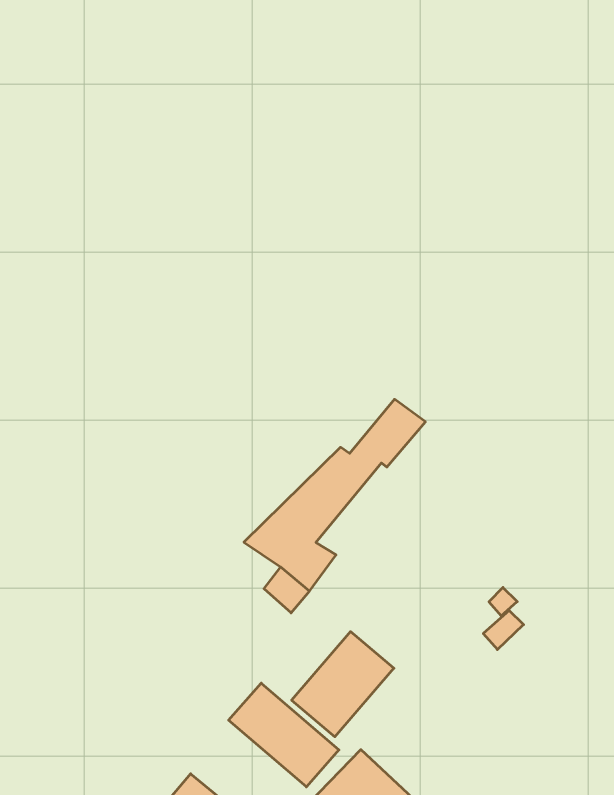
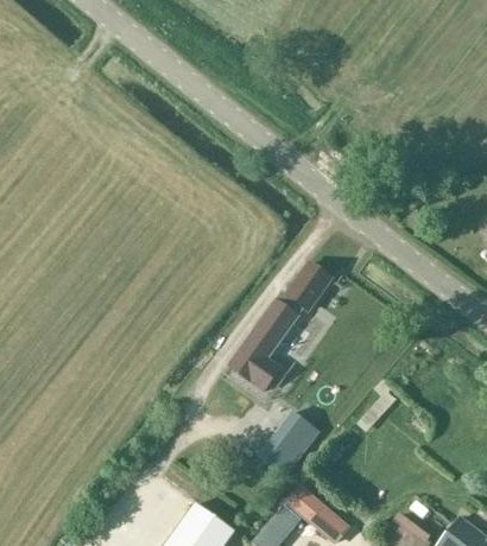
building: [229,683,339,787] -> none

